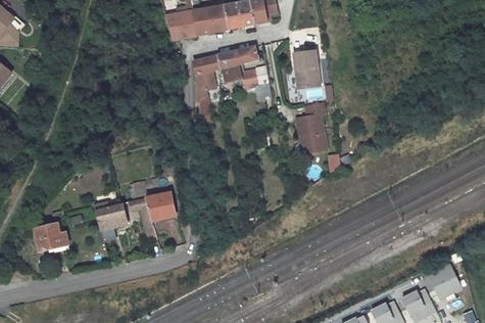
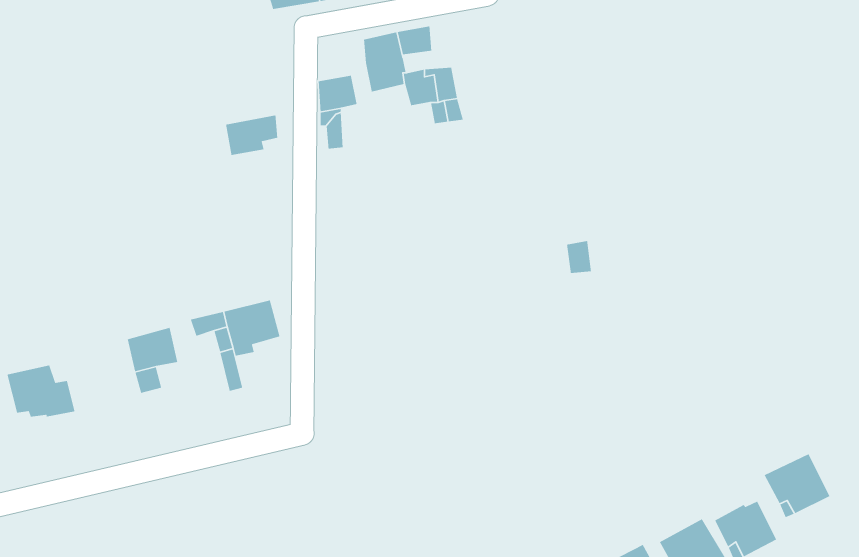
building: [290,48,322,88] -> none
building: [193,51,221,73] -> [225,114,278,156]
building: [296,100,326,151] -> none

